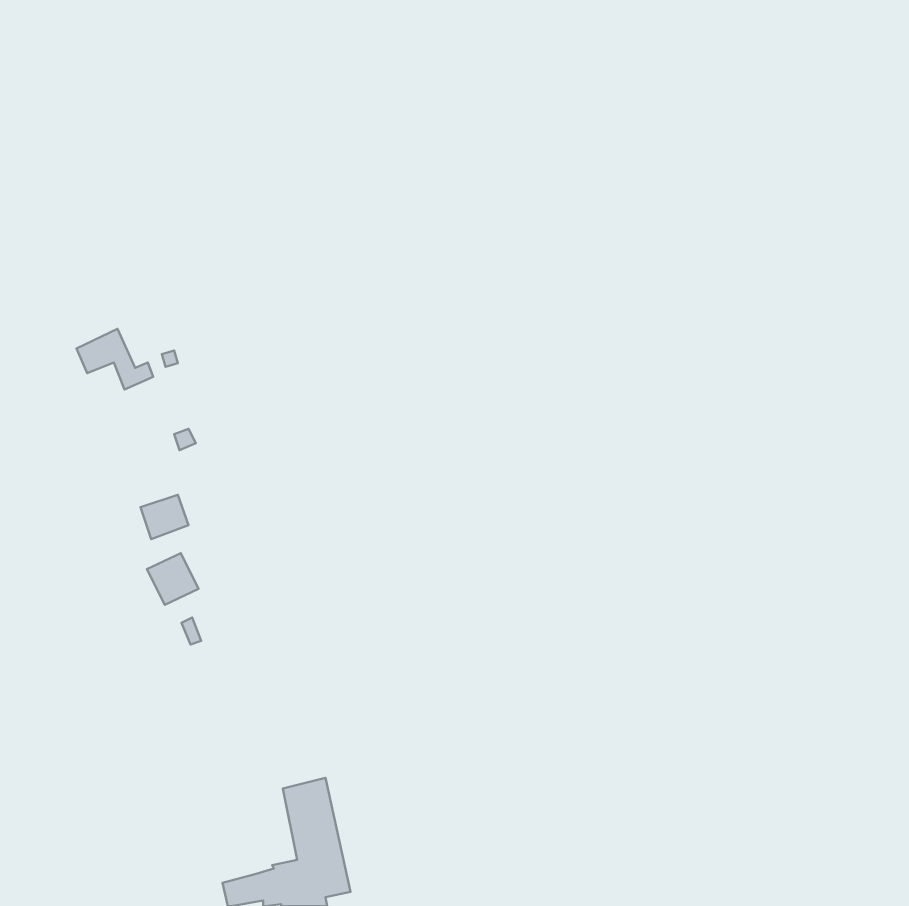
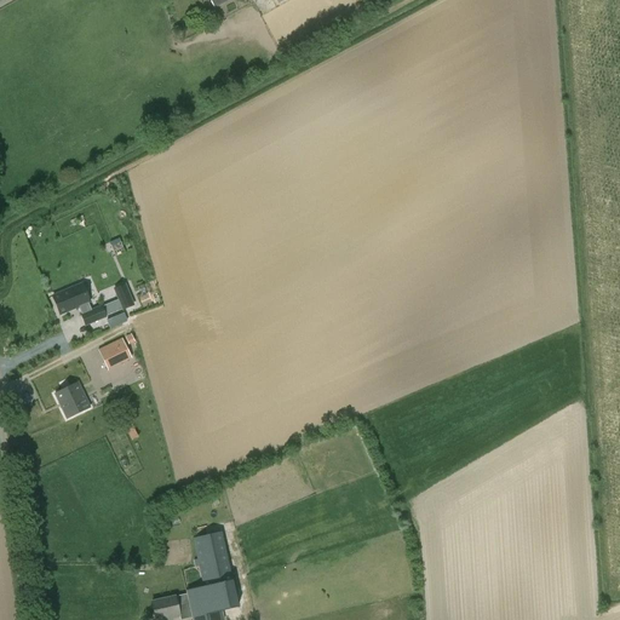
building: [77,329,153,389] -> [53,281,105,322]
building: [147,553,199,605] -> [54,381,90,417]

